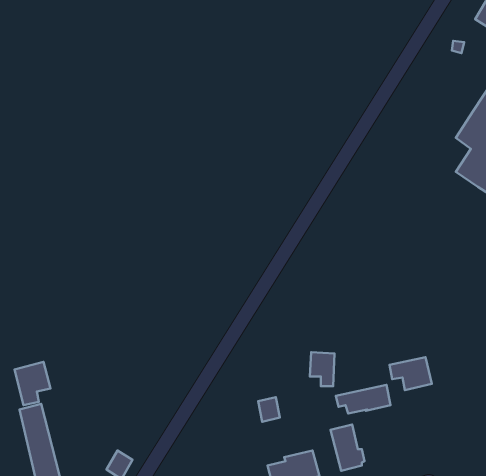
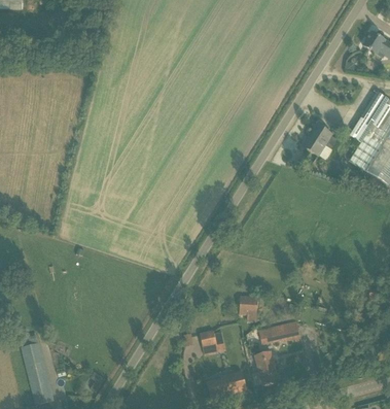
building: none -> [303,124,339,160]
building: [390,357,432,390] -> none
building: [14,362,50,405] -> none

